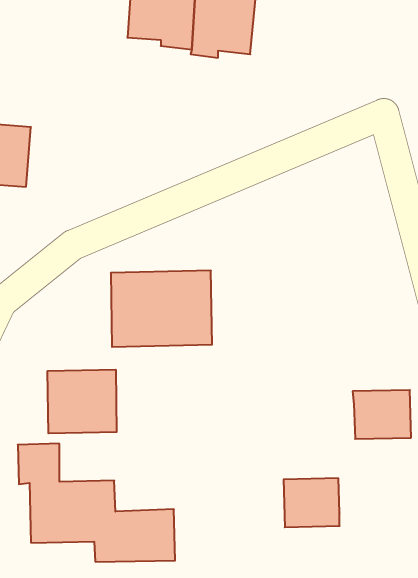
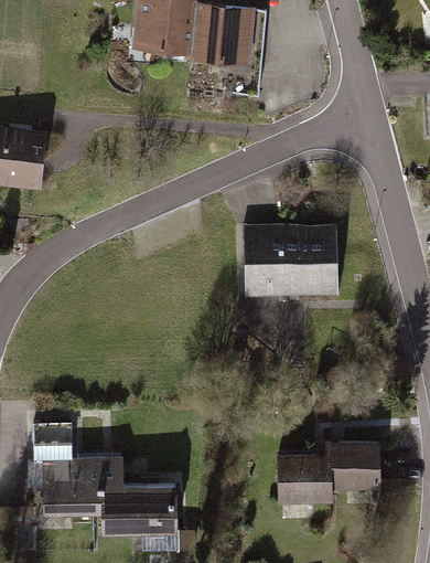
building: [111,271,212,347] -> [243,225,336,296]
building: [48,370,117,433] -> none
building: [353,390,411,439] -> [327,443,381,488]

